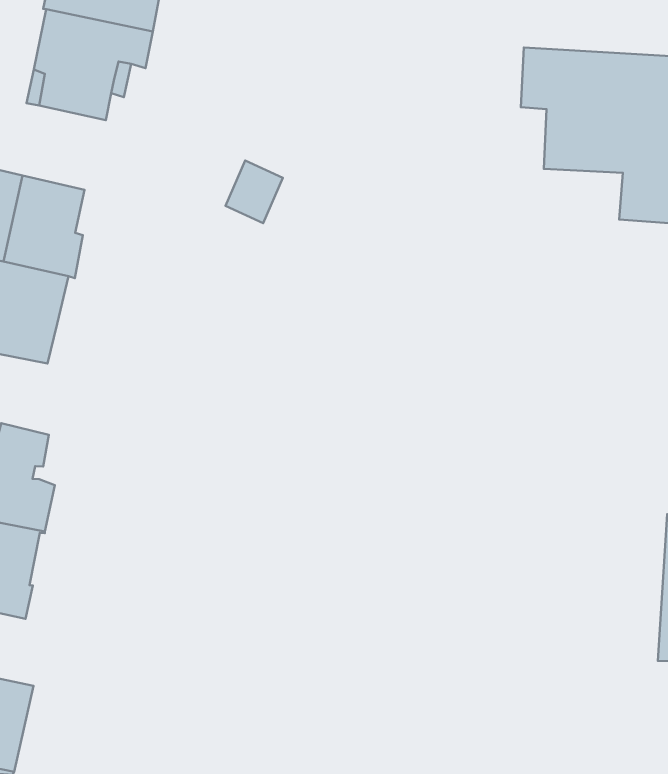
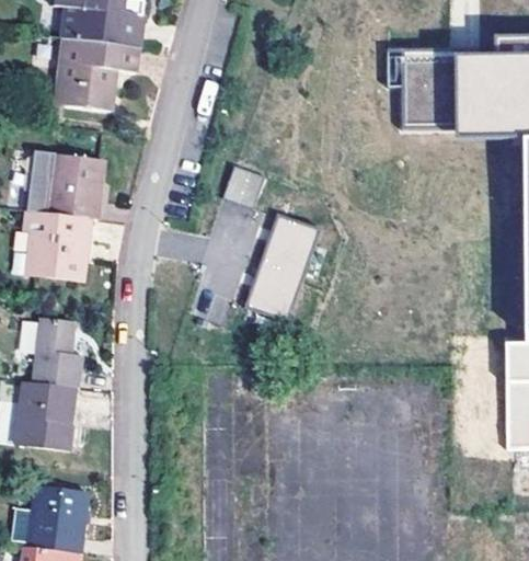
building: [226,160,283,223] -> [226,165,263,207]
building: none -> [245,213,320,322]

